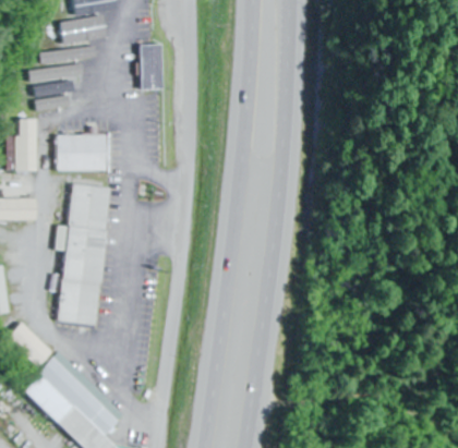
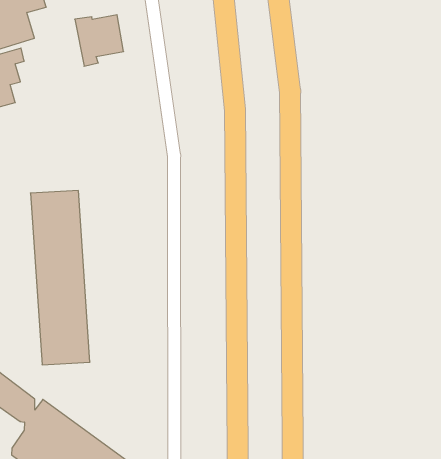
building: [55,135,107,171] -> none

